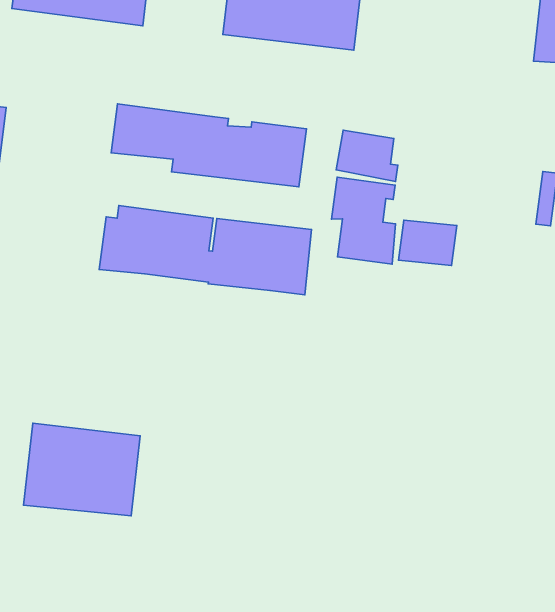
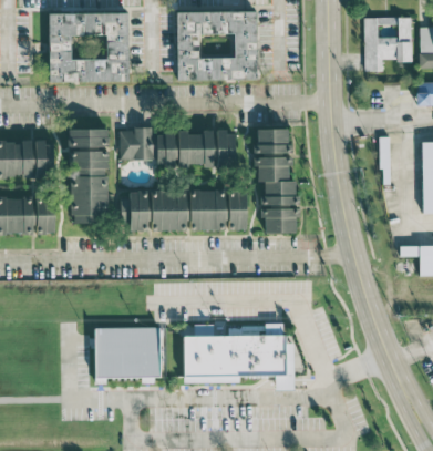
building: none -> [70,130,107,224]
building: [398,220,457,265] -> [265,208,297,234]
building: none -> [184,324,295,391]

